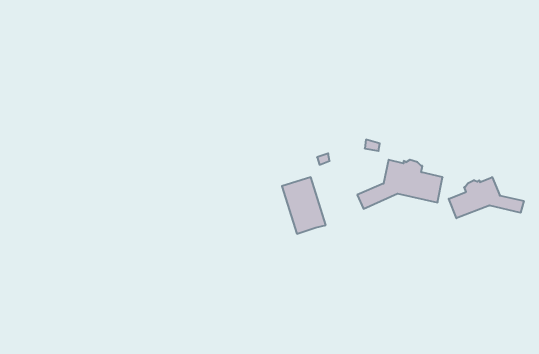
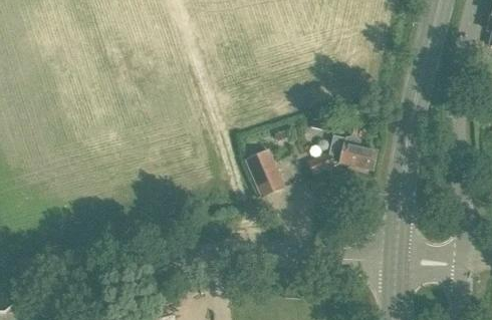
building: [449,177,524,218] -> none

